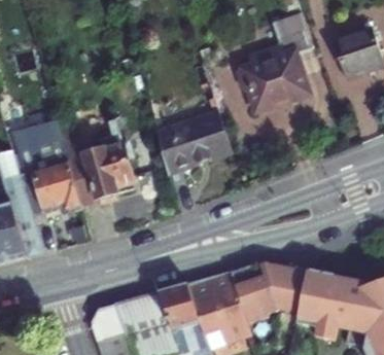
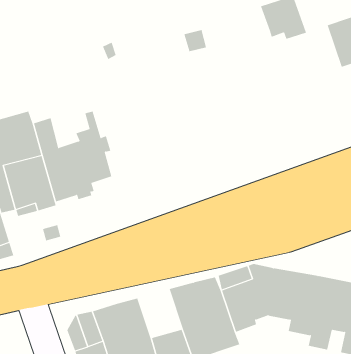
building: [237,44,306,107] -> none
building: [154,111,231,171] -> none
building: [156,283,198,328] -> none

